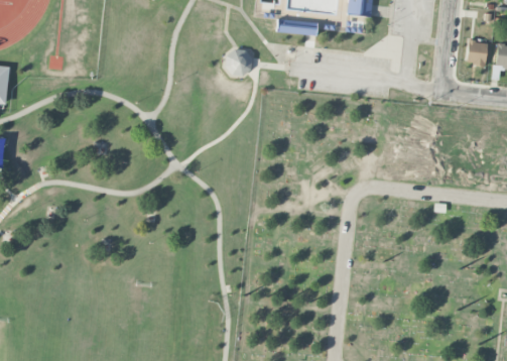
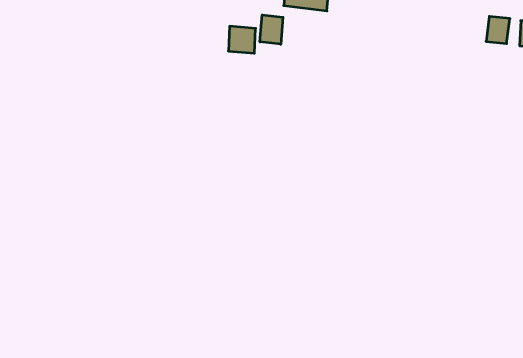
building: none -> [260,15,283,44]

